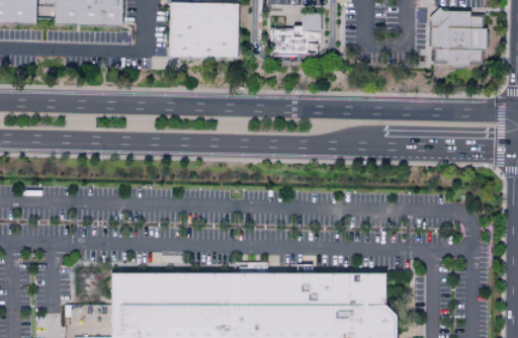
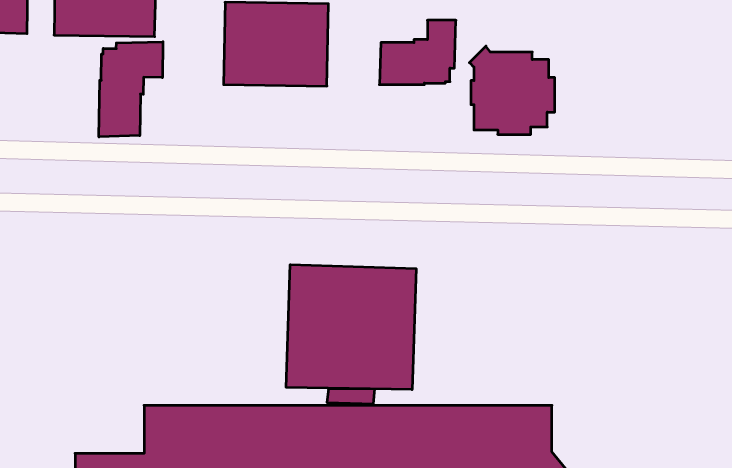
building: [431,8,489,68] -> [469,46,555,134]
building: none -> [99,42,163,137]
building: none -> [286,265,416,390]

